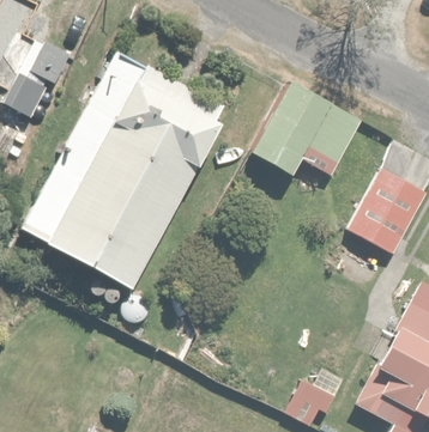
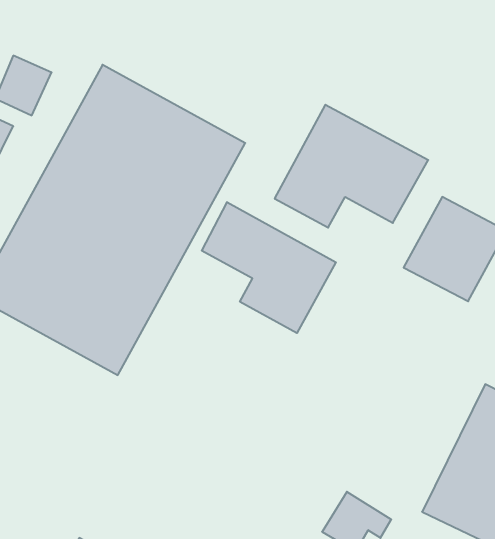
building: none -> [202,202,336,333]

